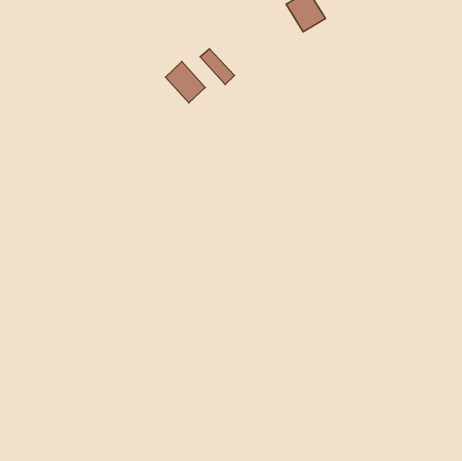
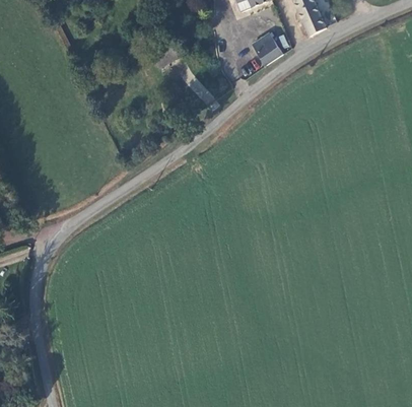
building: [165,62,205,103] -> none

